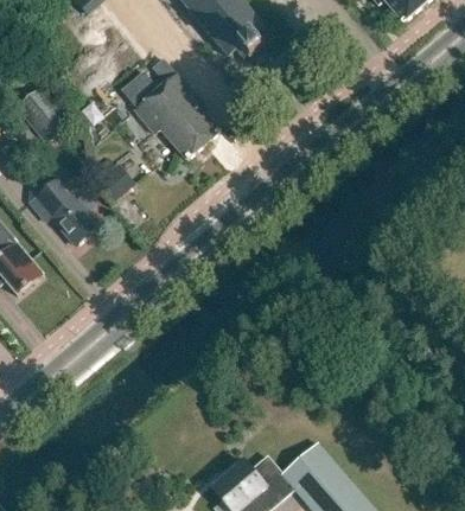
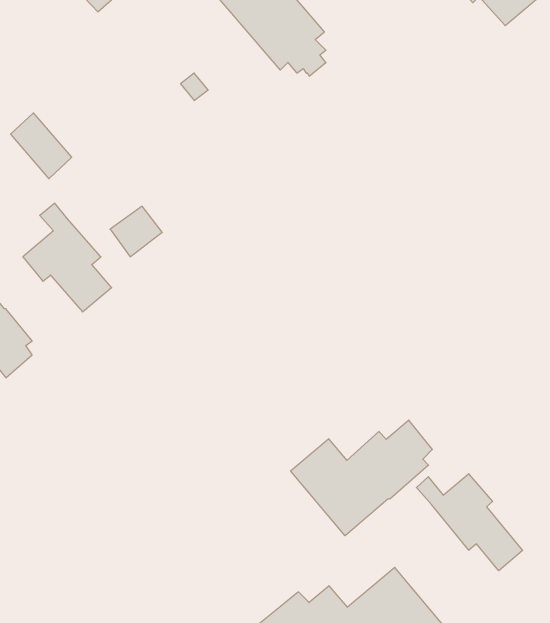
building: [120,70,218,159] -> none
building: none -> [291,420,432,536]
building: none -> [416,474,523,571]

